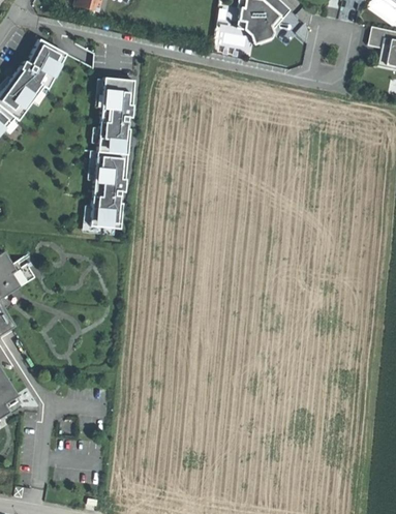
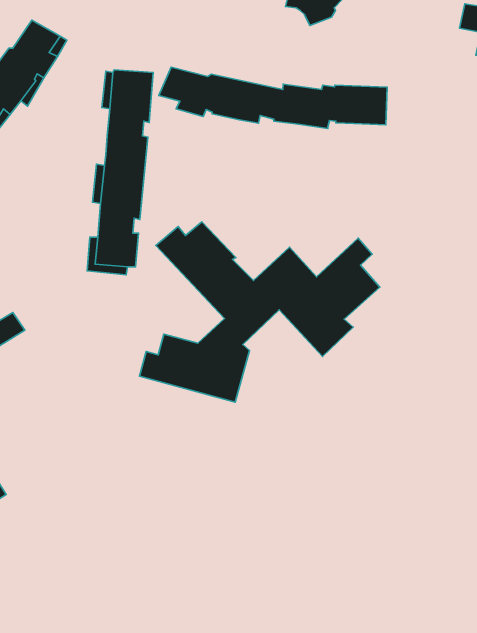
building: none -> [159,67,387,129]
building: none -> [139,222,380,402]

